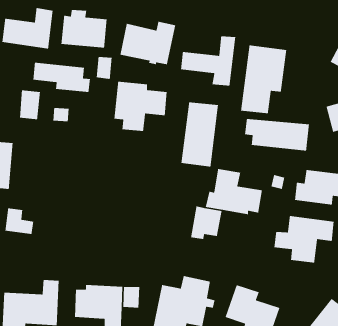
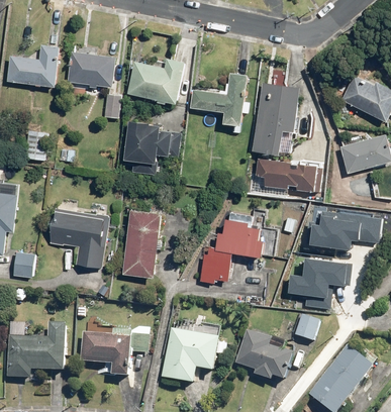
building: [33,62,91,93] -> none
building: [181,102,219,167] -> [122,210,162,278]
building: none -> [48,206,109,269]
building: none -> [292,312,318,340]

